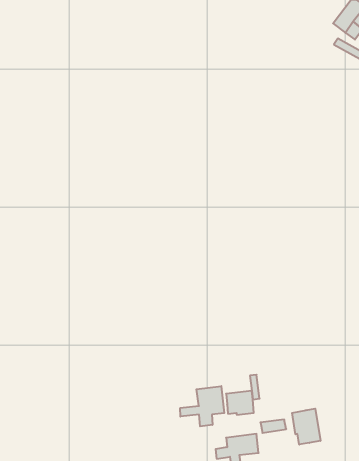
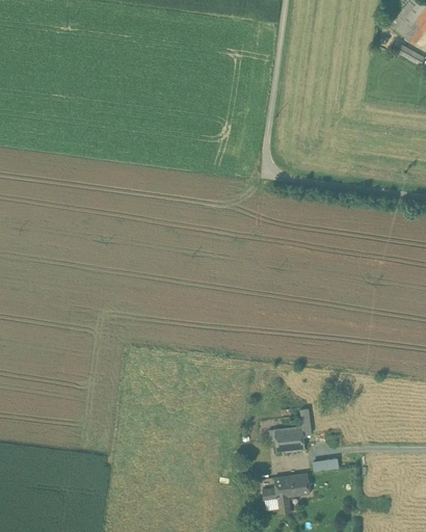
building: [180,386,224,426] -> none
building: [292,409,320,445] -> none

